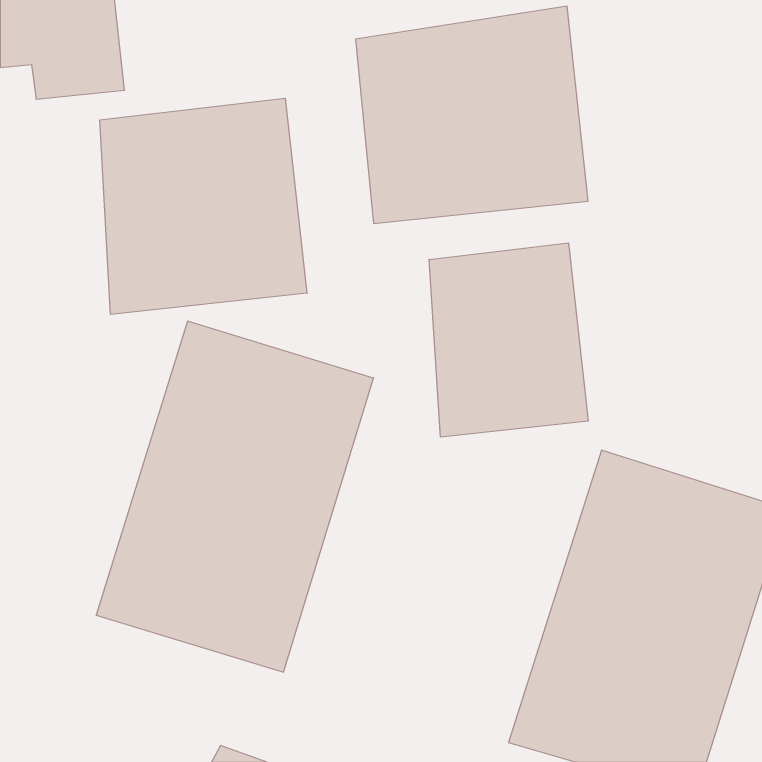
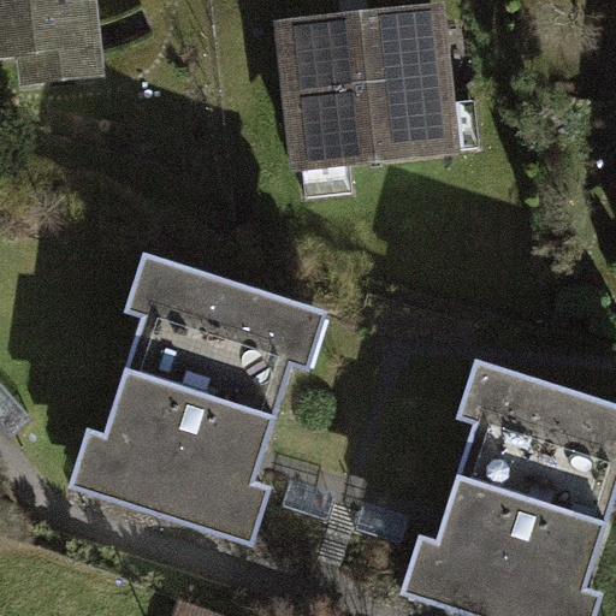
building: [100,98,307,314] -> none
building: [429,243,588,437] -> none

